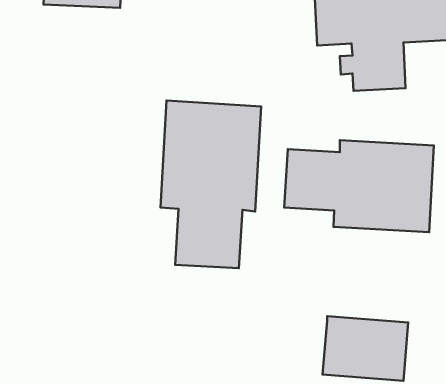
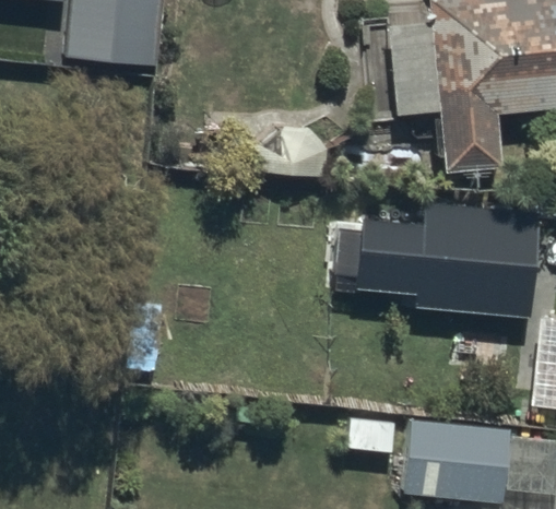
building: [160,101,261,268] -> none

